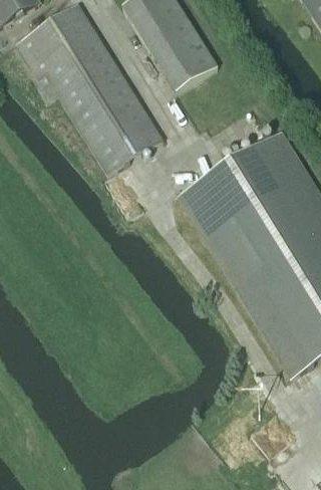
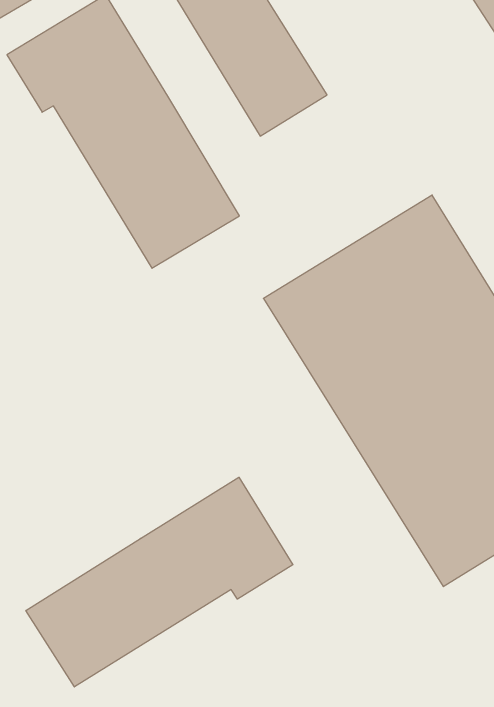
building: none -> [26,477,293,687]

